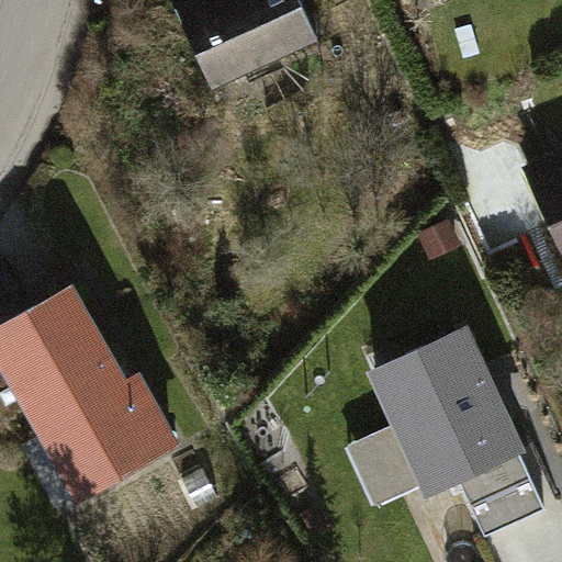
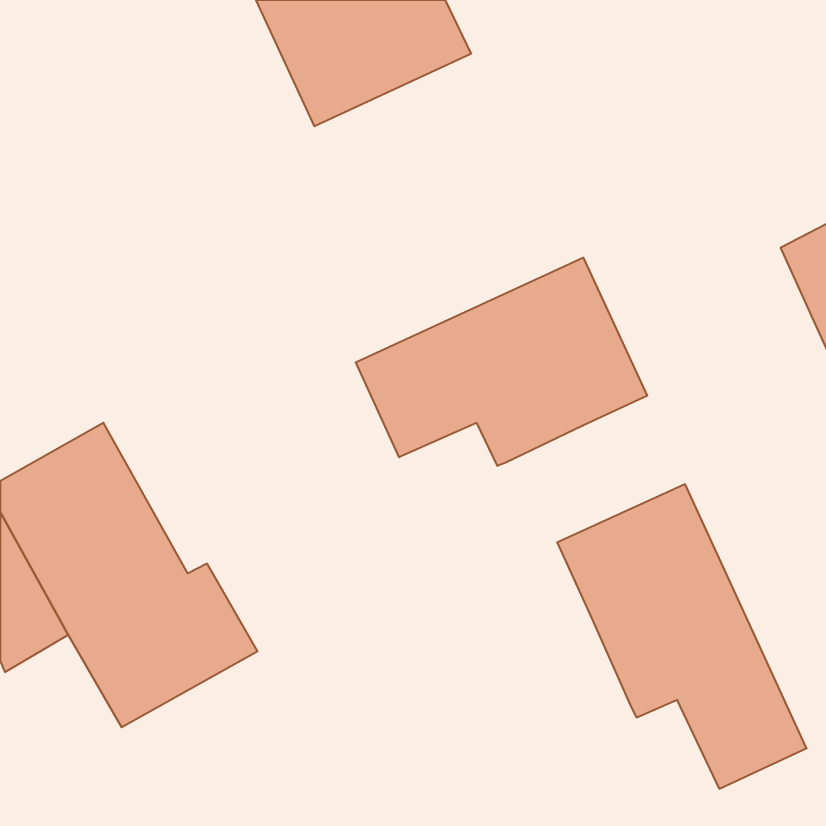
building: none -> [356,258,647,466]
building: [352,419,429,503] -> none

